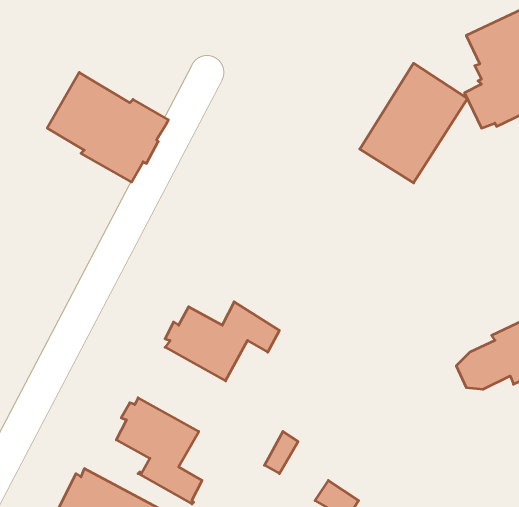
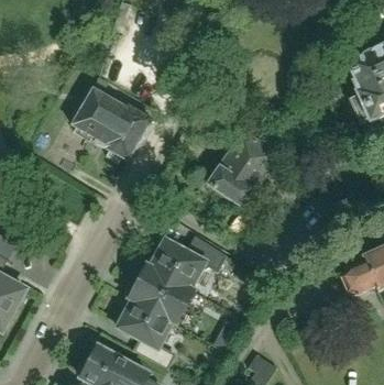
building: [360,63,467,183] -> [210,129,281,207]
building: none -> [129,265,193,322]

